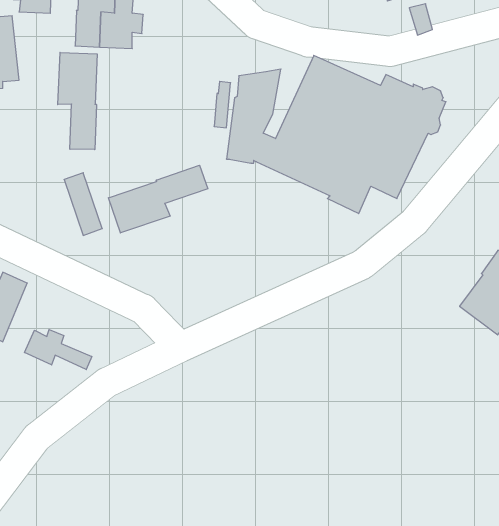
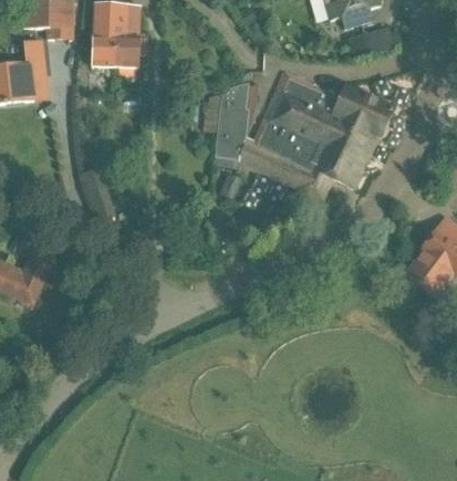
building: [58,52,97,150] -> none
building: [108,165,208,233] -> none
building: [25,329,92,370] -> none

